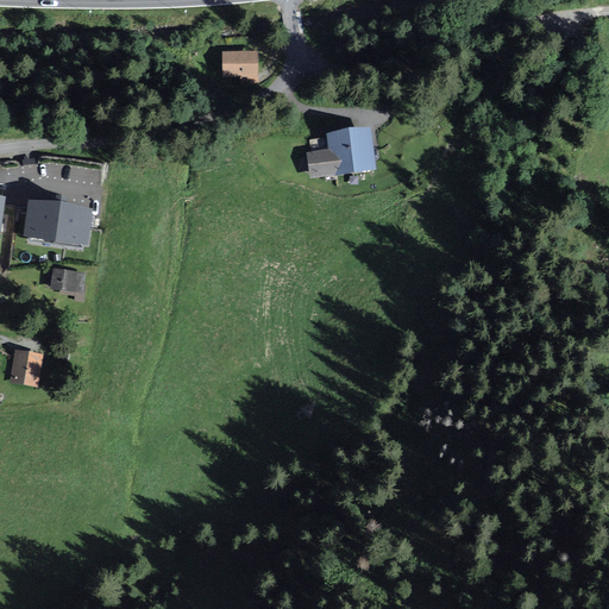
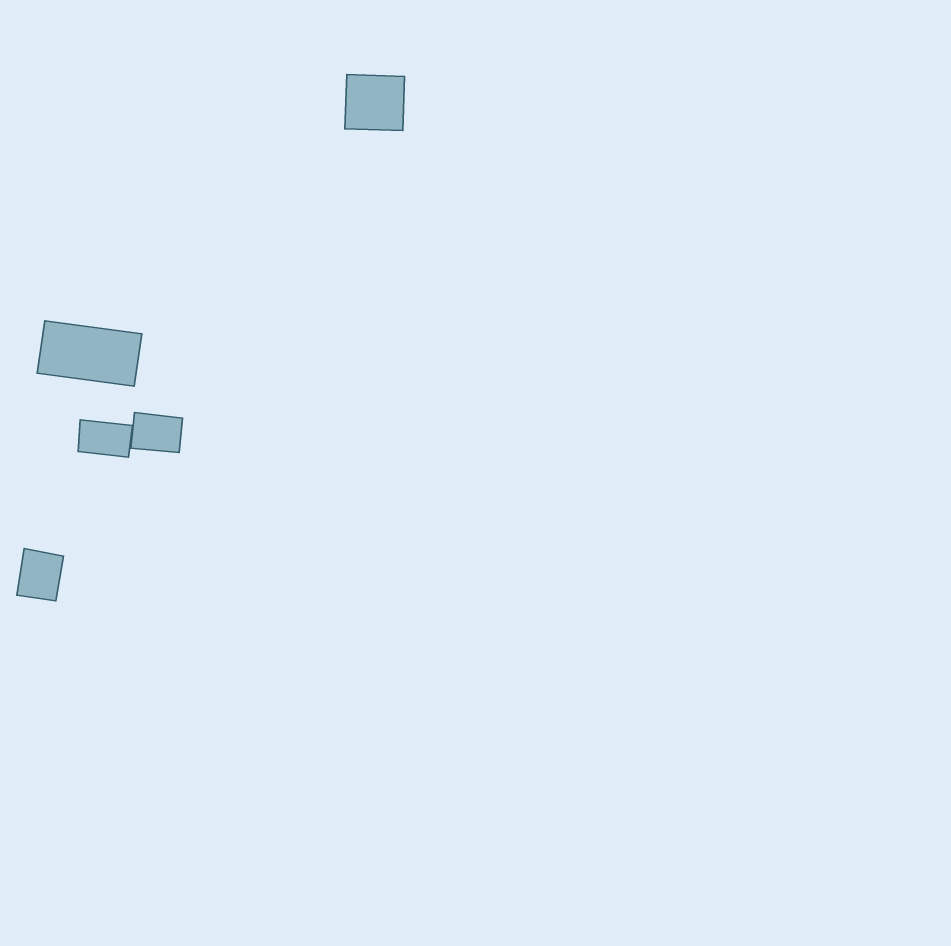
building: [308,127,376,176] -> none
building: none -> [131,413,182,452]

